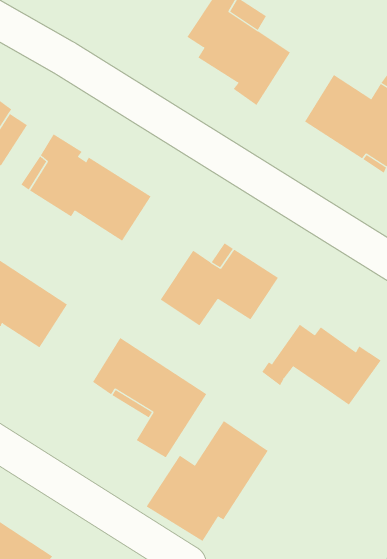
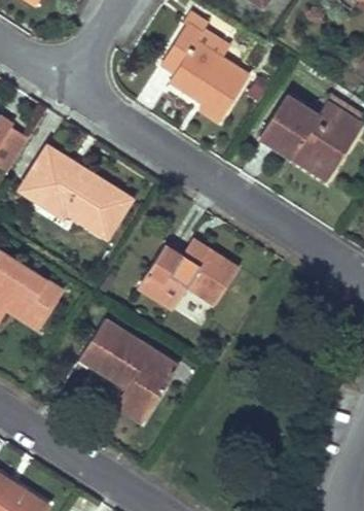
building: [262,324,382,405] -> none
building: [146,420,269,542] -> none

